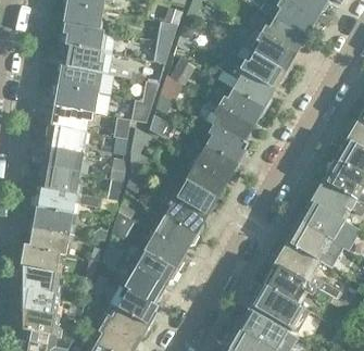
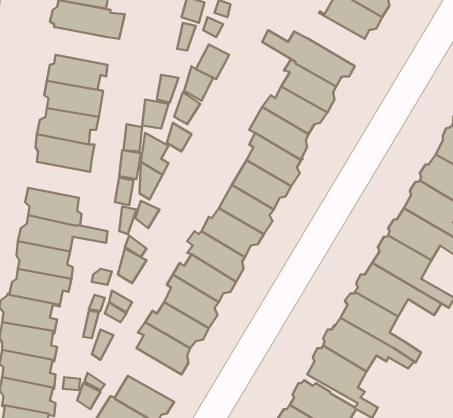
building: [249,35,294,75] -> none
building: [61,46,125,77] -> none
building: [41,147,88,174] -> none
building: [109,286,158,327] -> none

